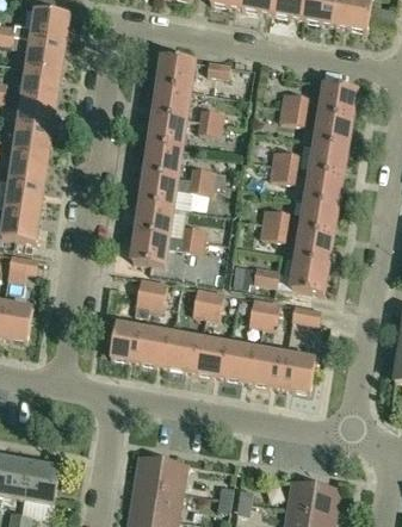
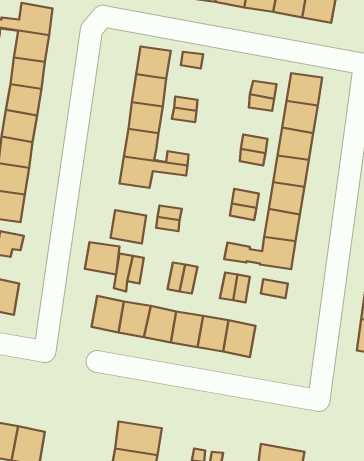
building: [135,202,172,236] -> [85,242,119,274]
building: [279,354,314,392] -> none

